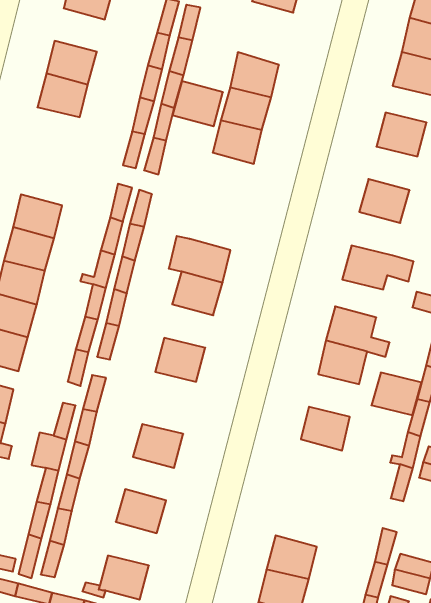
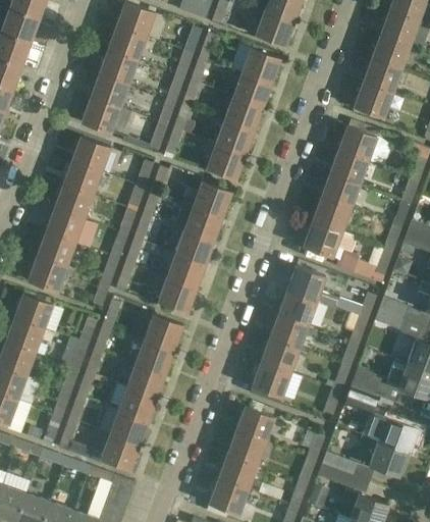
building: none -> [107,27,146,61]
building: none -> [241,48,280,84]
building: [173,81,223,126] -> [207,144,246,179]
building: none -> [82,98,120,133]
building: none -> [329,151,367,186]
building: none -> [71,137,110,172]
building: none -> [193,181,231,217]
building: none -> [312,198,350,232]
building: none -> [167,253,205,288]
building: [371,373,422,415] -> [269,315,308,349]
building: none -> [145,315,182,350]
building: none -> [252,362,290,398]
building: none -> [127,363,165,398]
building: none -> [235,407,274,442]
building: none -> [110,410,148,445]

